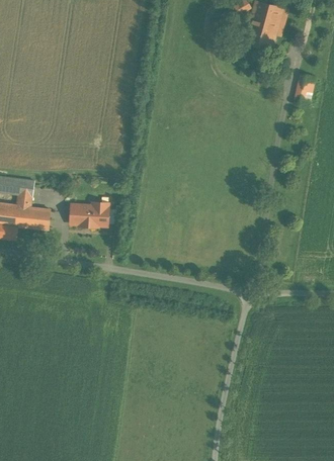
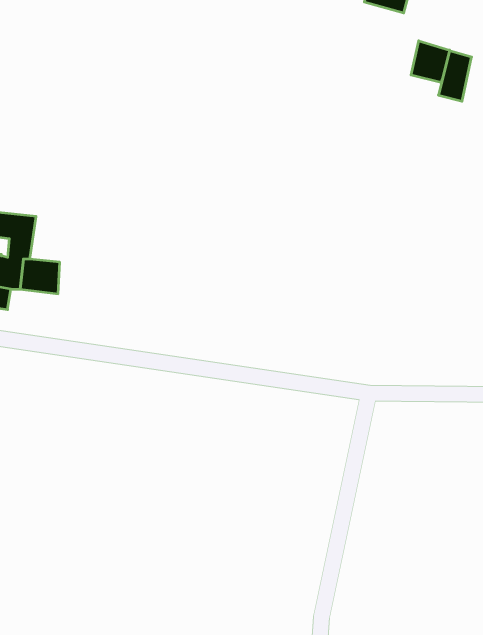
building: none -> [411,41,450,82]
building: [71,202,109,226] -> none

